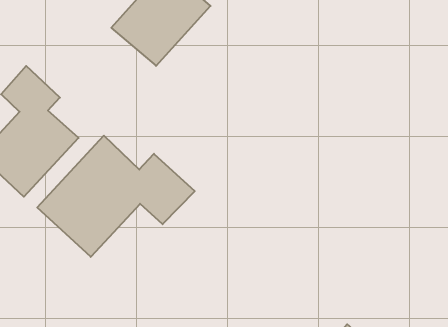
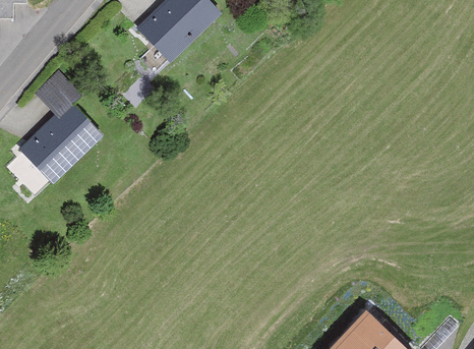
building: [37,136,195,257] -> none

